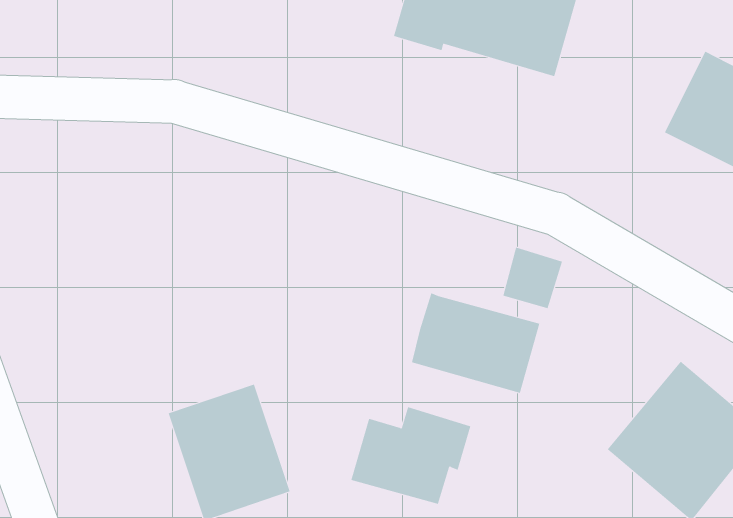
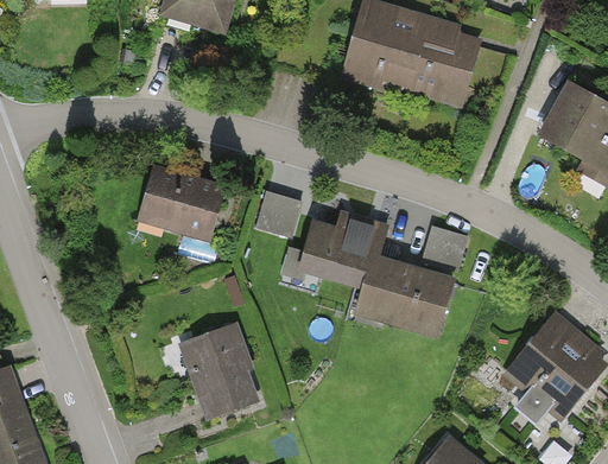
building: none -> [139,170,239,243]
building: none -> [255,191,299,235]
building: [350,407,471,505] -> [297,212,385,284]

